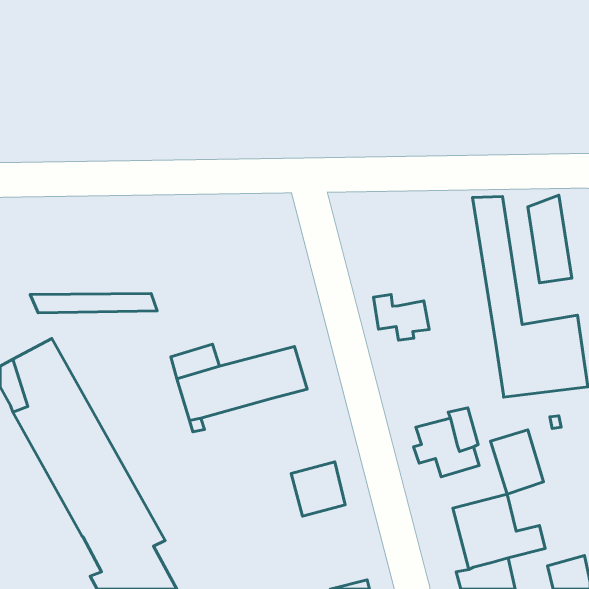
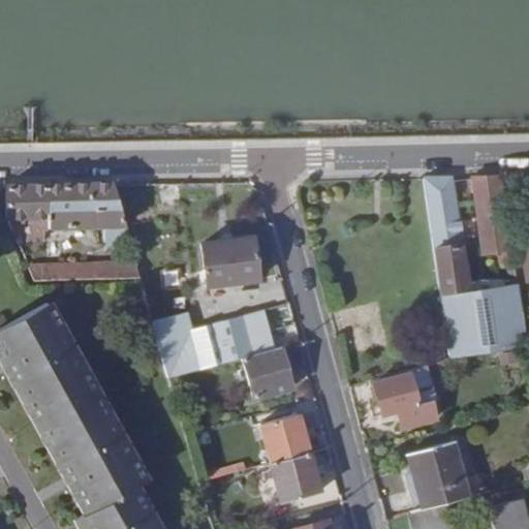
building: none -> [6,183,127,243]
building: none -> [203,238,259,287]
building: [374,294,429,340] -> none
building: none -> [244,346,292,397]
building: [491,430,543,494] -> none
building: none -> [272,452,321,502]

